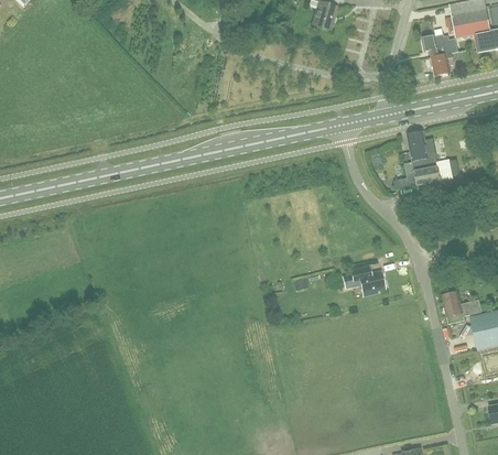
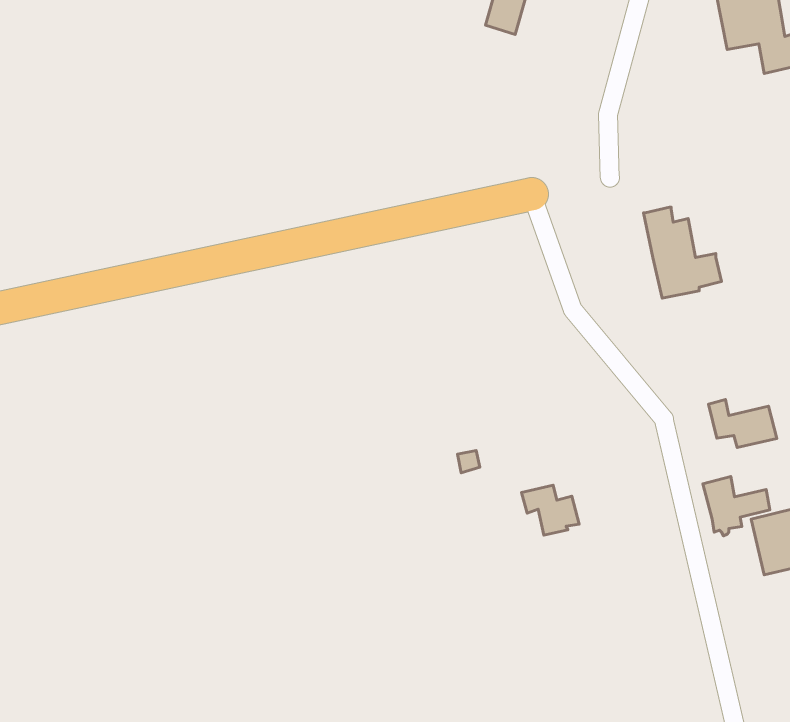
building: [422,34,458,75] -> none
building: none -> [709,399,777,448]
building: [350,264,385,294] -> [522,485,579,535]

